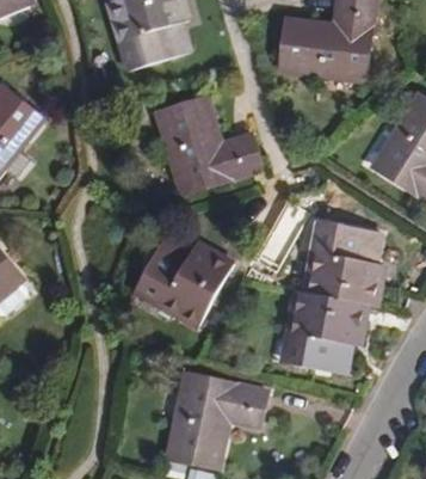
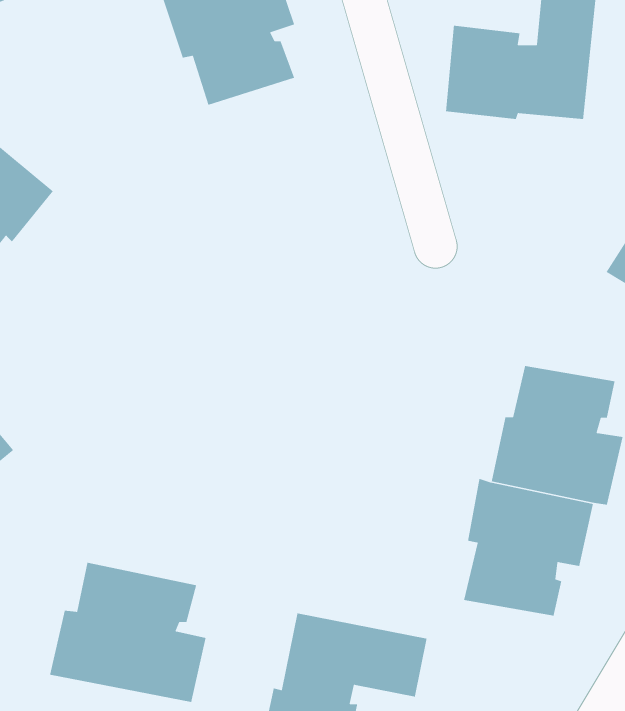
building: [155,96,259,192] -> none
building: [138,234,233,324] -> none
building: none -> [49,562,207,703]

